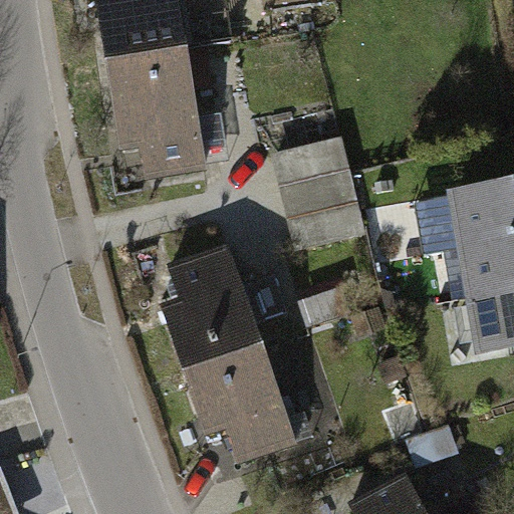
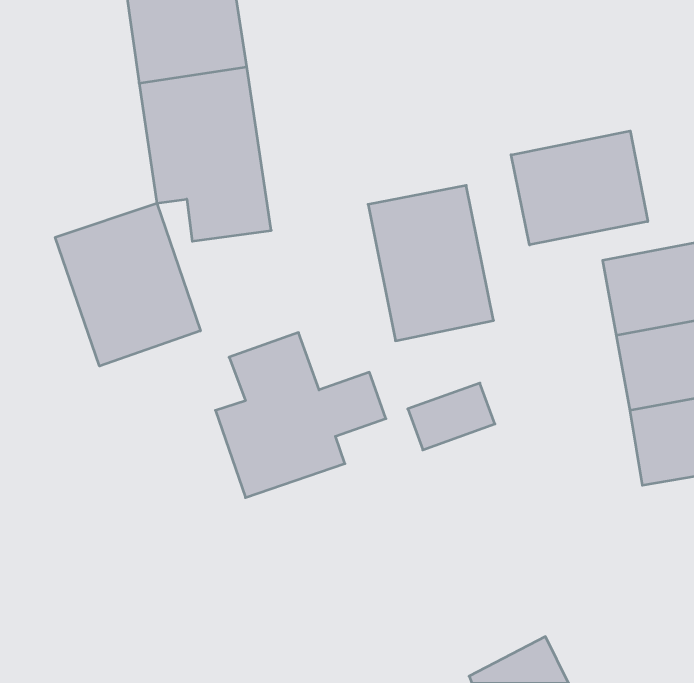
building: none -> [511,131,648,245]
building: none -> [55,203,200,366]
building: [183,341,291,460] -> none

